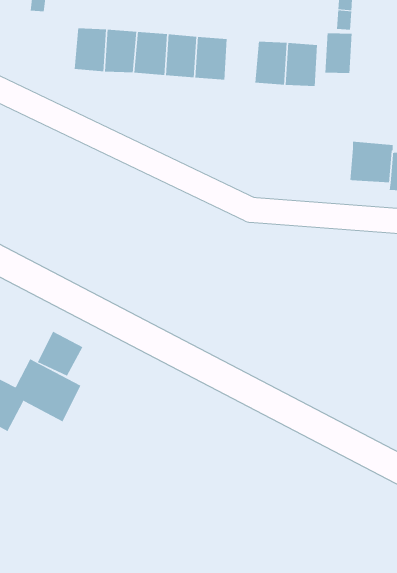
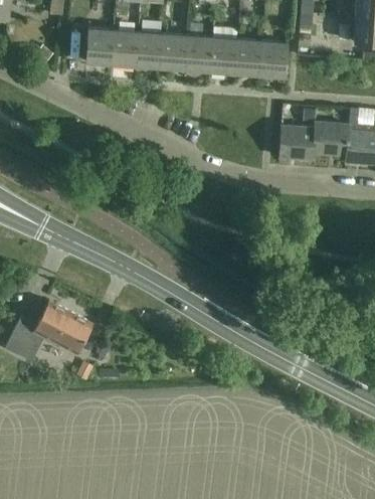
building: [325,32,352,74] -> none
building: none -> [210,36,237,72]
building: none -> [278,125,315,158]
building: [37,331,83,377] -> none

